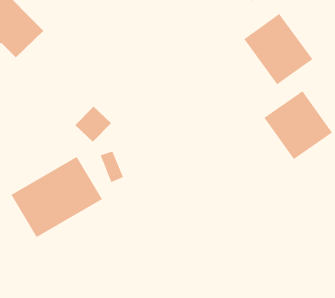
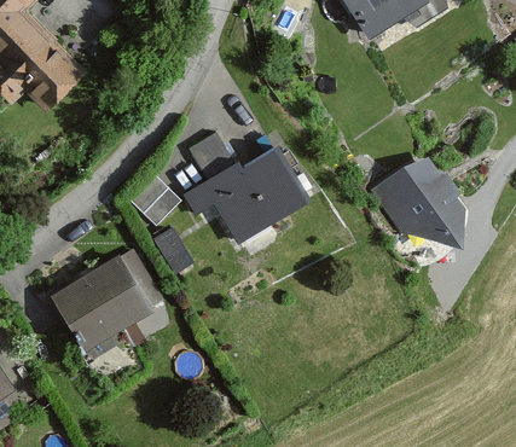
building: [244,13,313,85] -> none
building: none -> [187,130,308,257]

